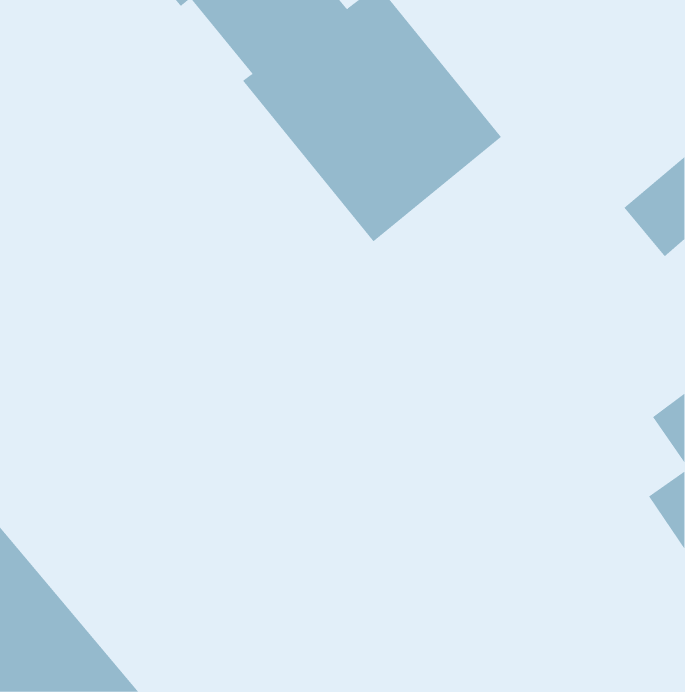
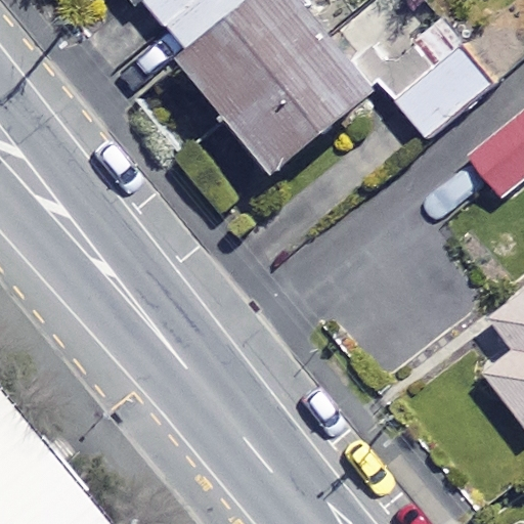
building: none -> [390,18,491,137]

